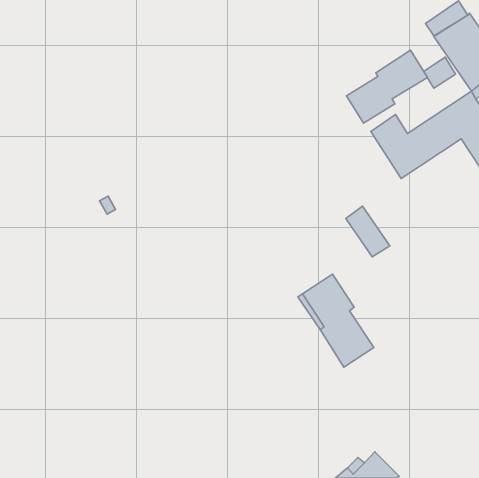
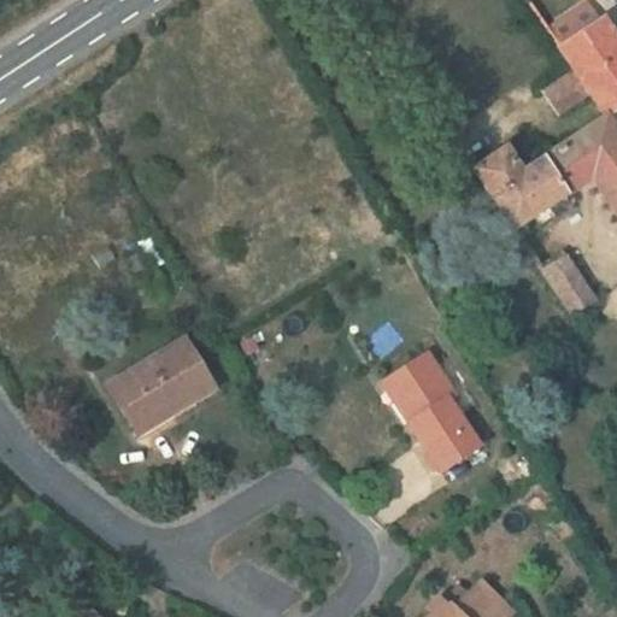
building: [347,50,427,123] -> none
building: [346,206,390,257] -> [541,249,598,315]
building: none -> [110,340,215,430]

